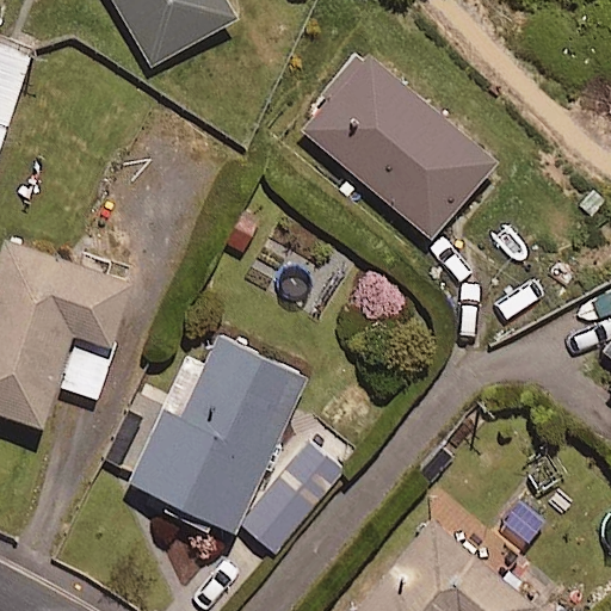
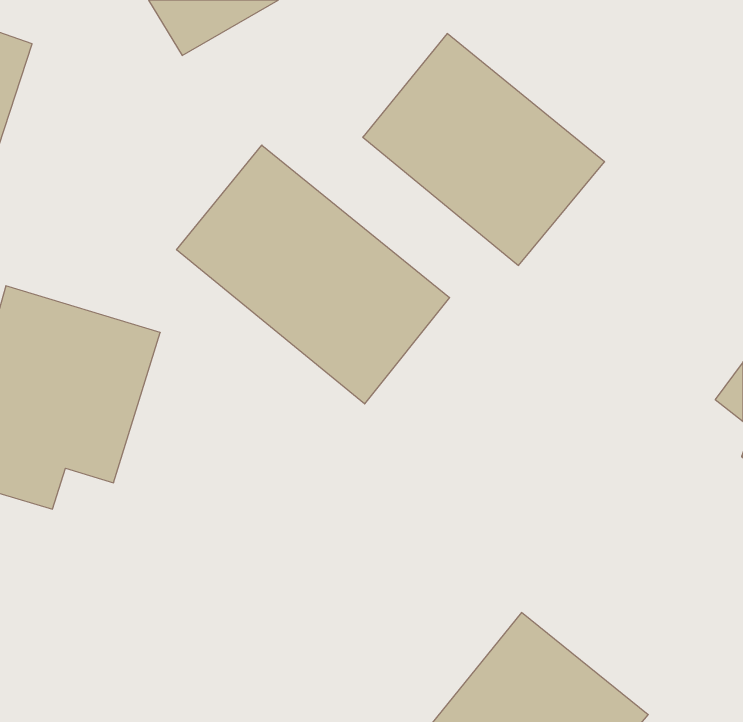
building: none -> [177,145,450,404]
building: [126,335,347,562] -> none

